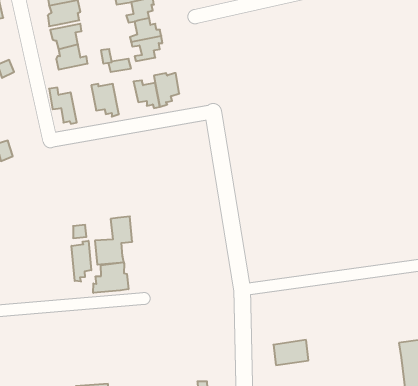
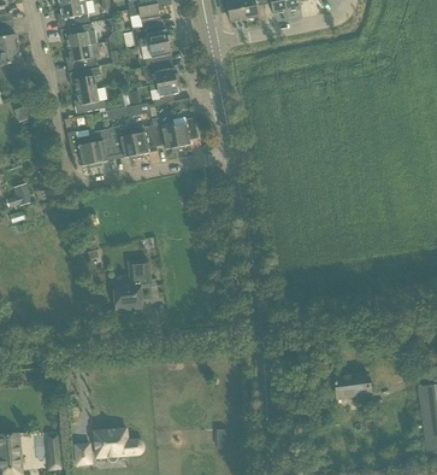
building: none -> [131,124,157,157]
building: none -> [88,128,114,165]
building: [72,241,91,282] -> none
building: [93,262,128,293] -> none
building: [273,340,308,365] -> [335,371,370,397]

